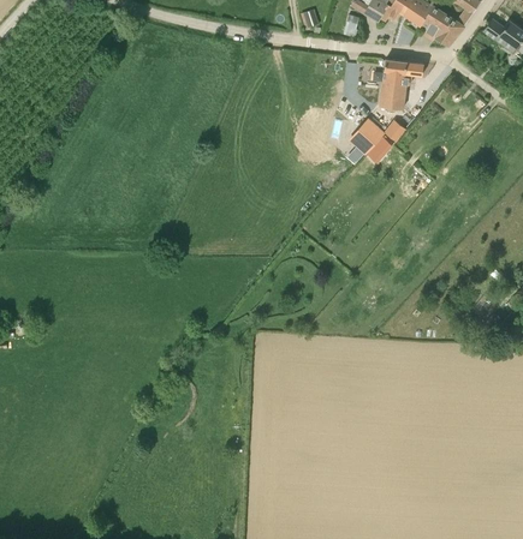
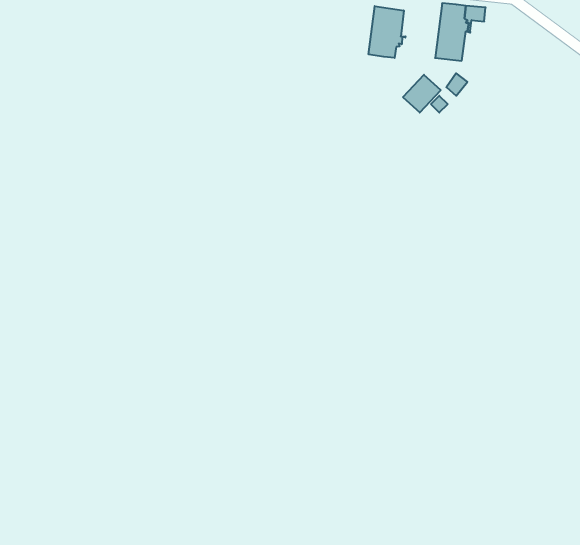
building: none -> [369,6,406,58]

